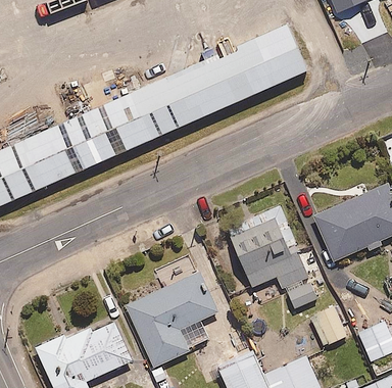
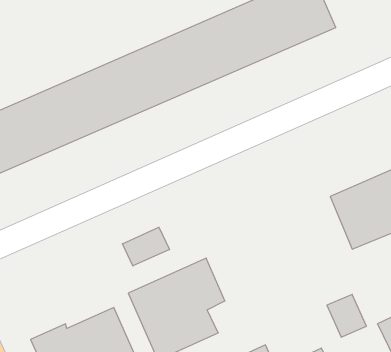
building: [228,210,317,310] -> none
building: none -> [122,227,169,266]

